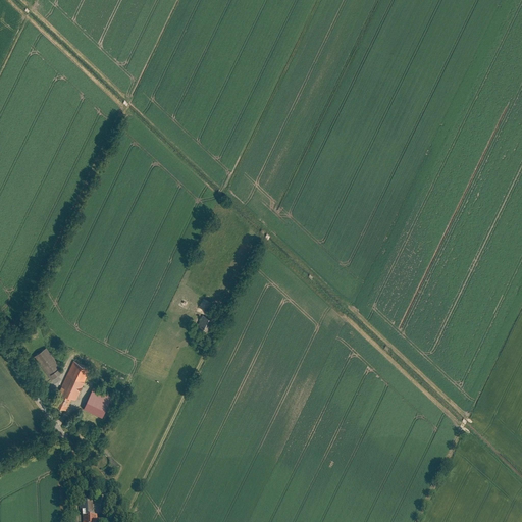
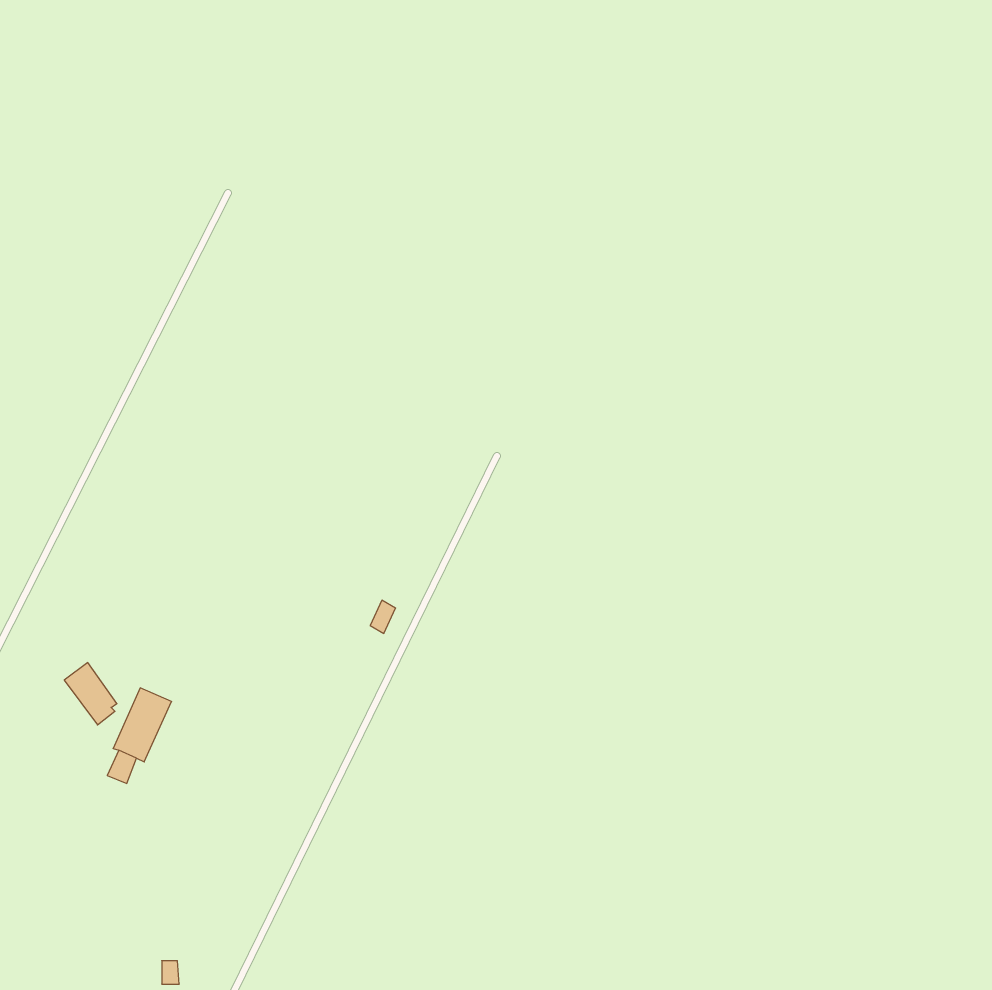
building: [84,390,111,418] -> none

